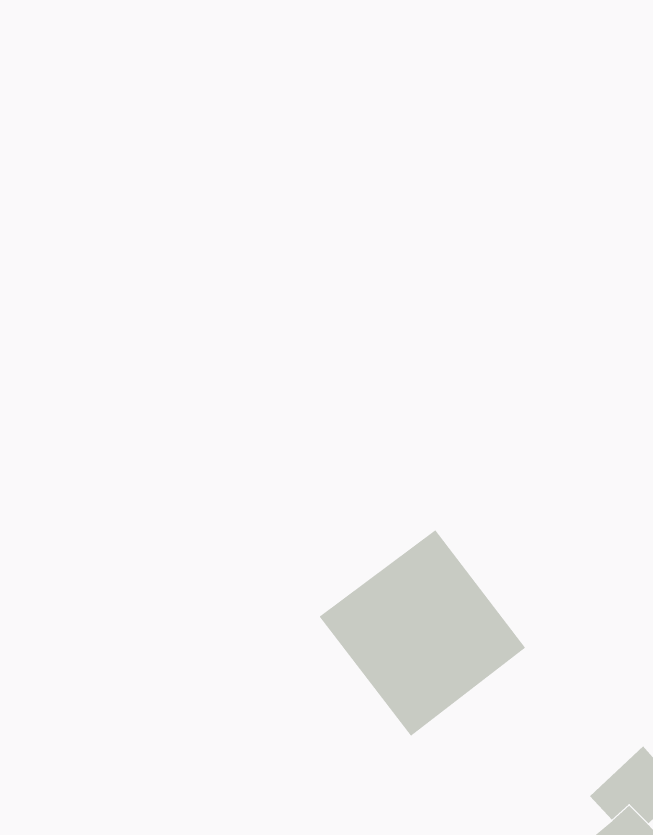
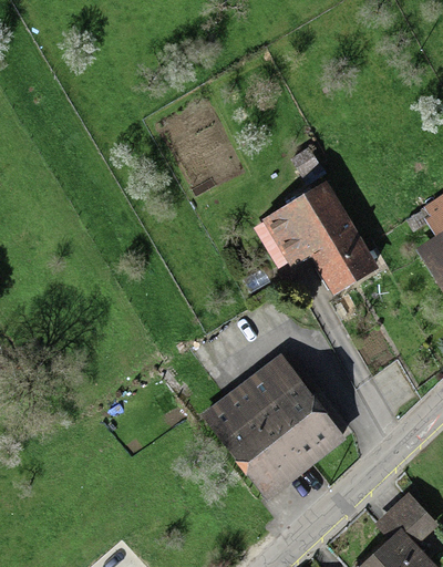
building: none -> [268,185,374,290]

